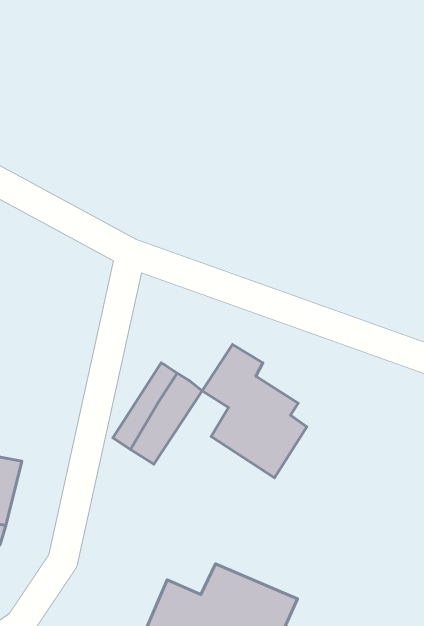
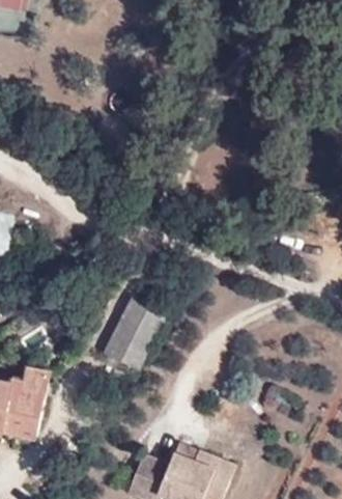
building: [202,344,307,478] -> none

